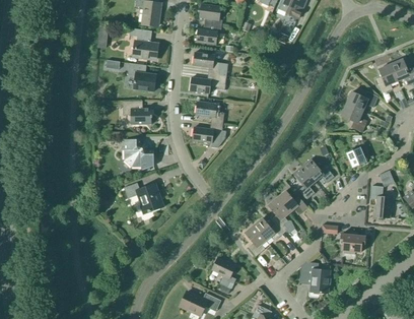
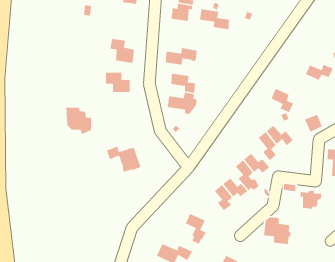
building: [130,28,156,60] -> none
building: [193,52,227,76] -> [199,8,230,30]
building: [341,104,367,132] -> [271,88,294,113]
building: [124,139,153,171] -> [66,107,92,135]

